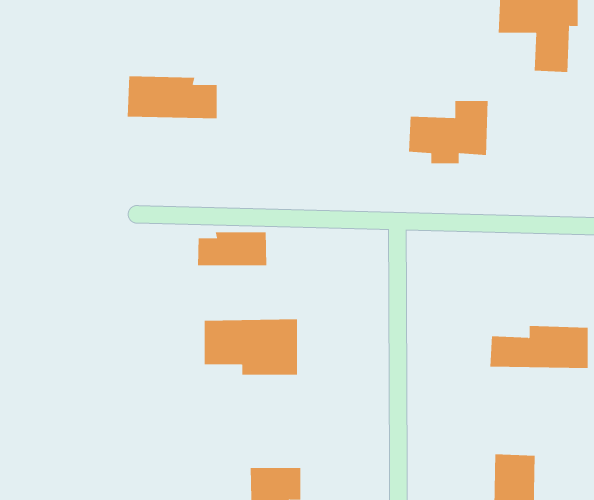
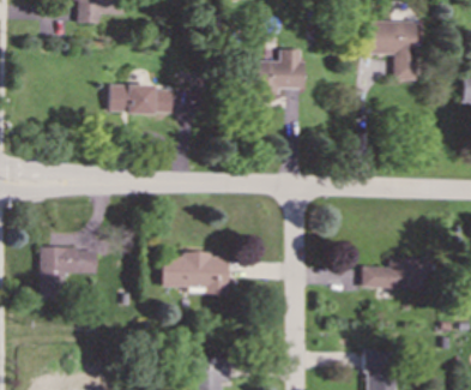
building: [408,101,489,164] -> [247,49,303,94]
building: [198,232,267,266] -> none
building: none -> [40,247,96,298]

